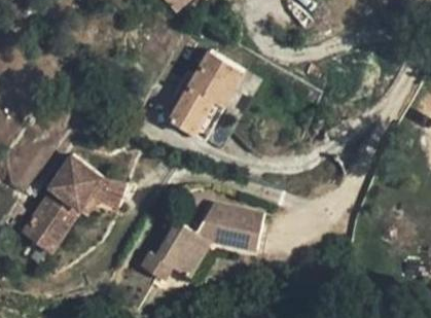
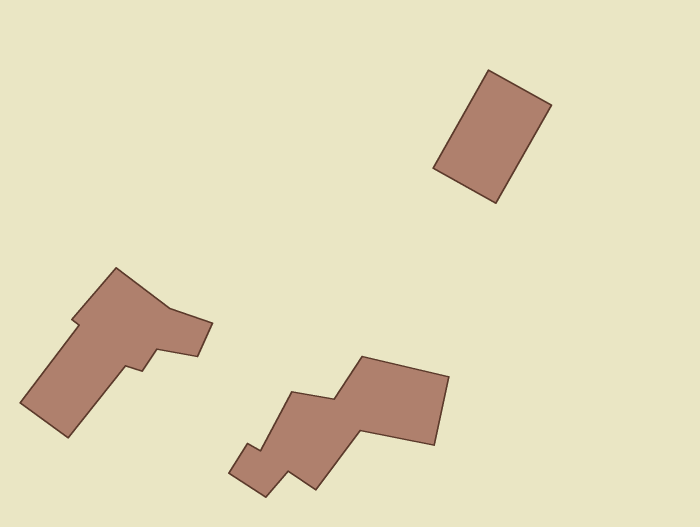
building: [171,64,237,138] -> [433,70,551,203]

